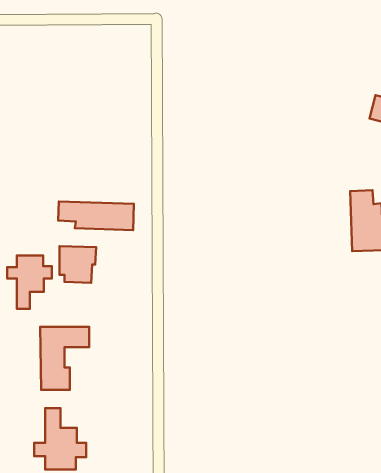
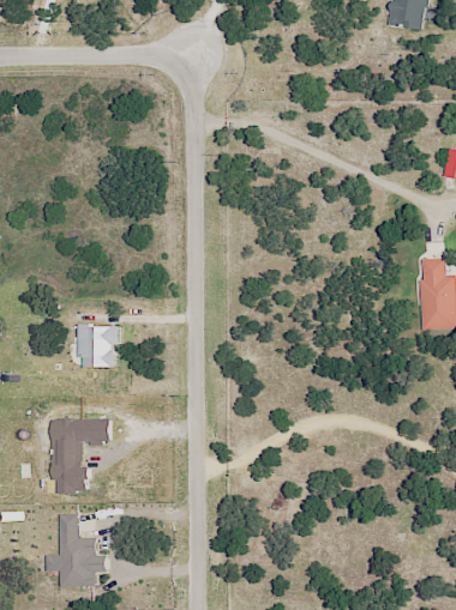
building: [58,202,134,230] -> none
building: [7,256,52,309] -> none

